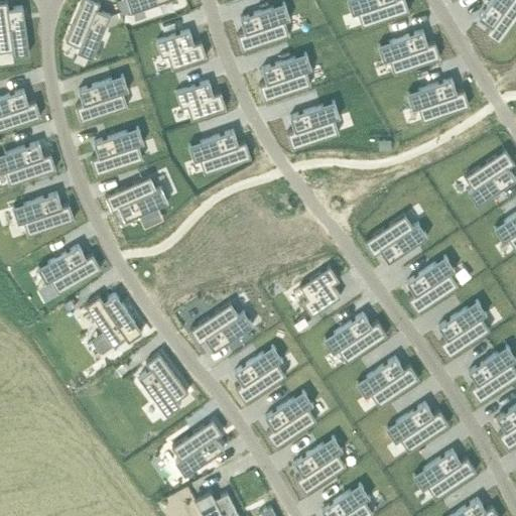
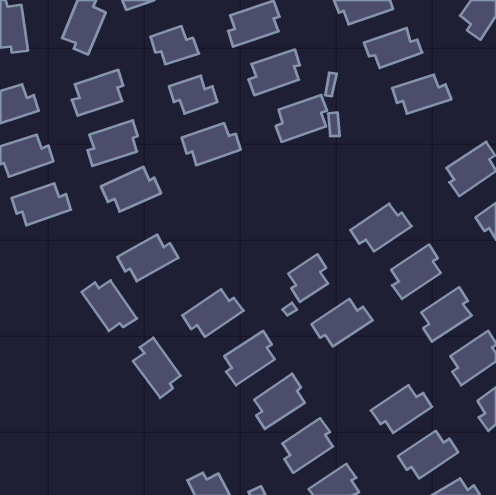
building: [37,244,101,292] -> [117,235,178,281]
building: [356,356,419,405] -> none
building: [171,418,224,475] -> none

